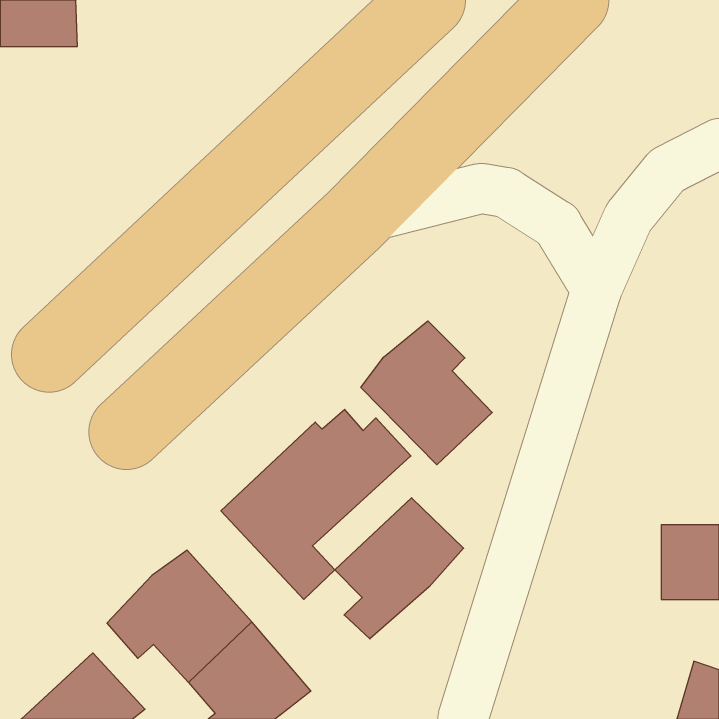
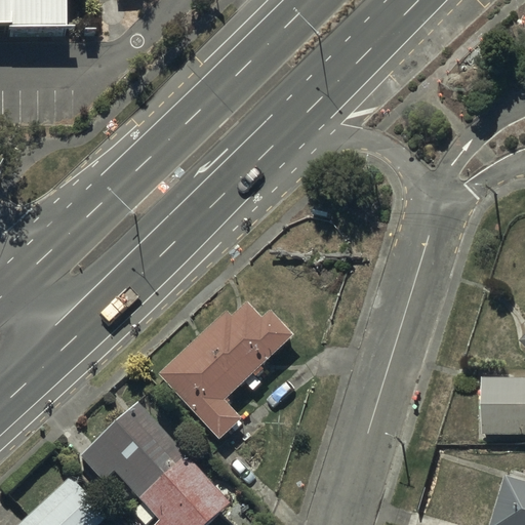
building: [361,321,492,465] -> none
building: [335,498,464,639] -> none

